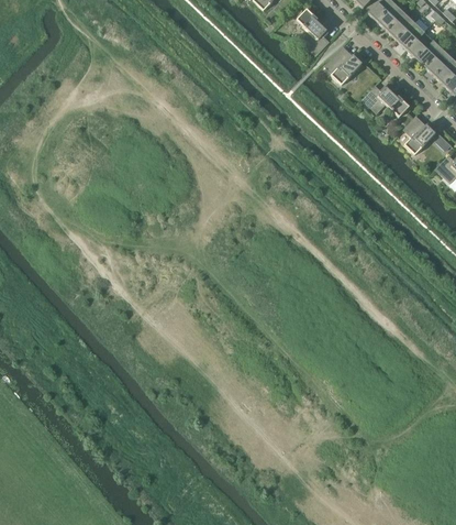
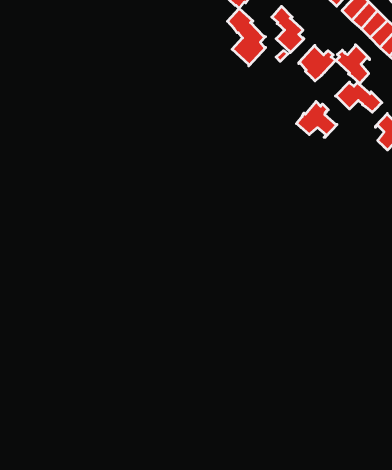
building: none -> [227,8,266,66]
building: none -> [336,45,370,83]
building: none -> [296,101,337,137]

